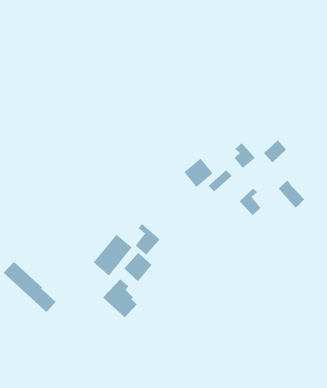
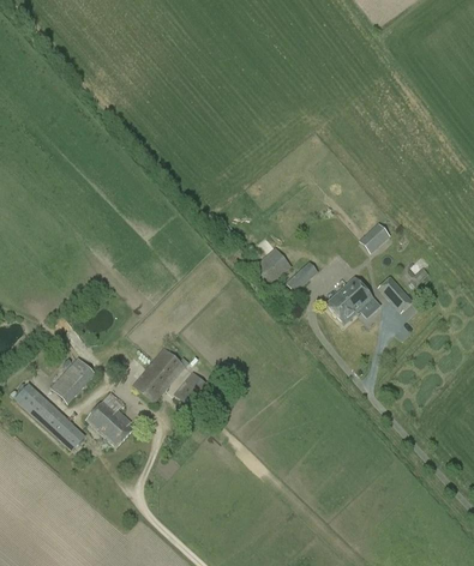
building: [234,142,255,169] -> [344,277,373,312]
building: [135,223,161,256] -> none
building: none -> [50,356,96,403]
building: [102,278,137,318] -> [86,393,133,446]

